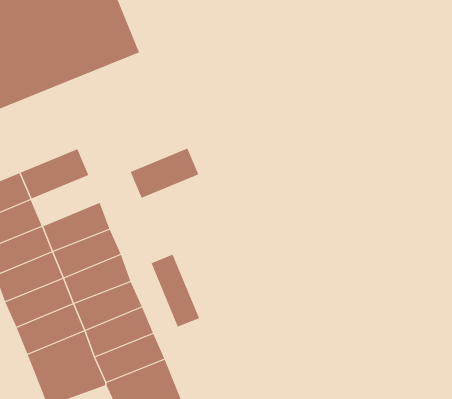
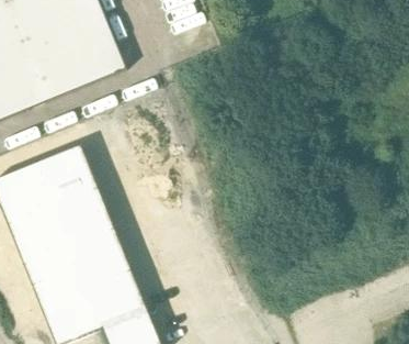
building: [130,148,199,199] -> [42,164,95,203]
building: [151,254,200,328] -> none

